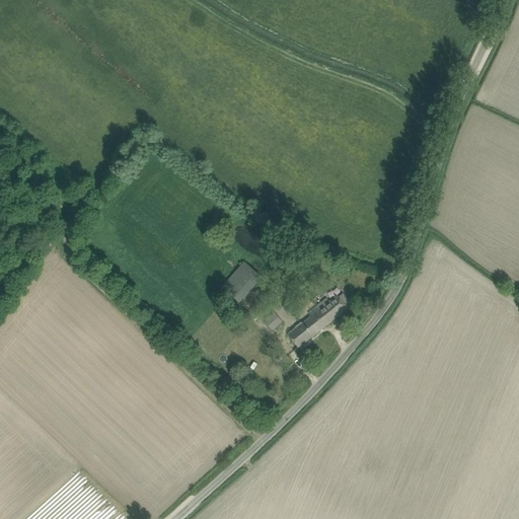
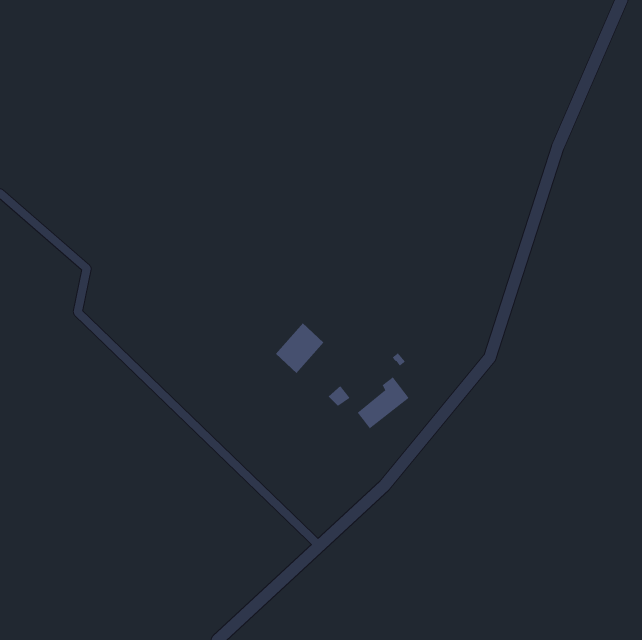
building: [317,294,348,321] -> none

